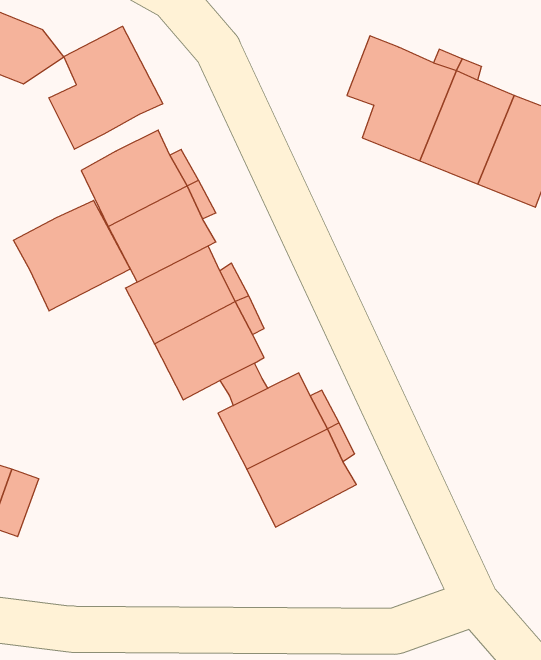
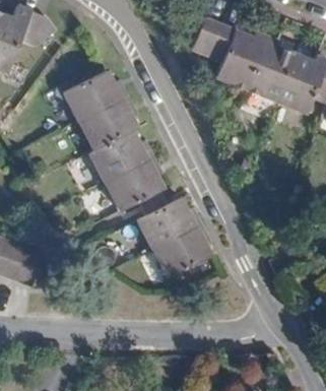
building: [49,26,163,149] -> none
building: [13,200,130,311] -> none

